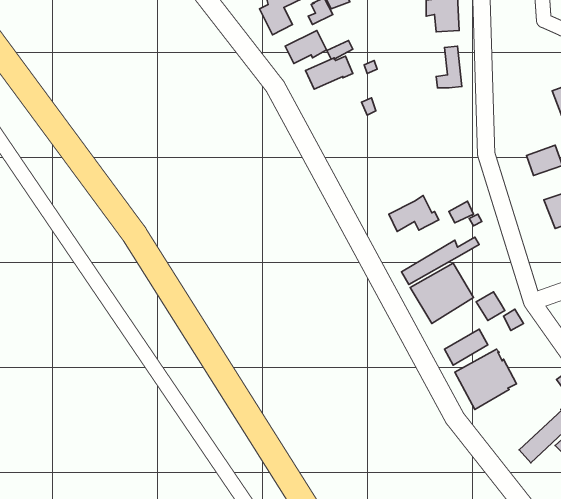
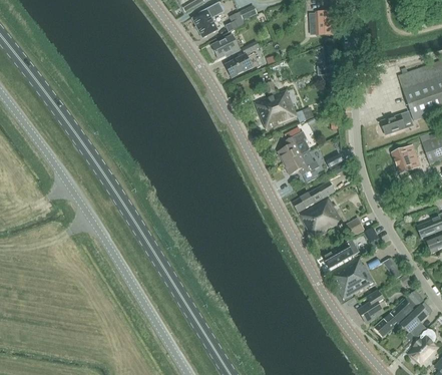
building: none -> [254,89,316,129]
building: none -> [278,131,310,162]
building: none -> [359,290,384,322]

